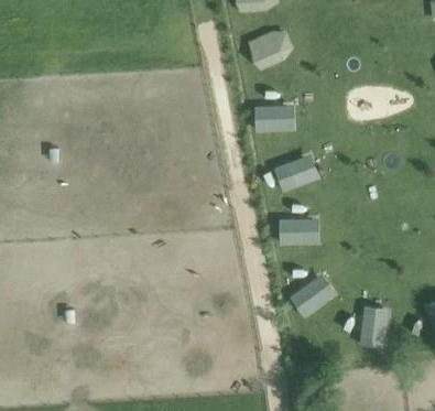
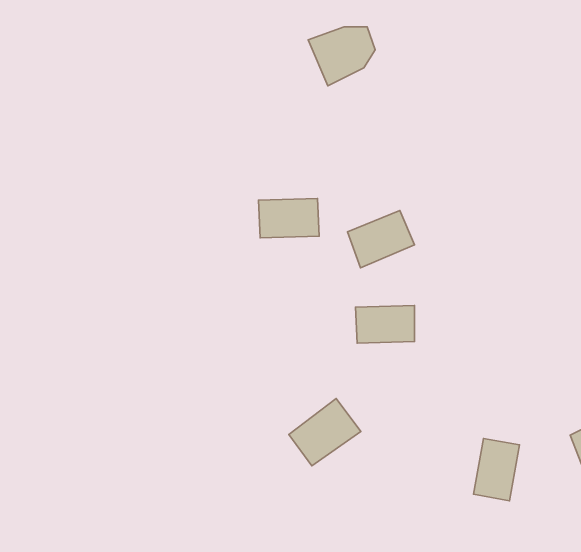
building: [254,105,295,131] -> [259,198,319,238]
building: [289,271,337,316] -> [289,399,361,466]

